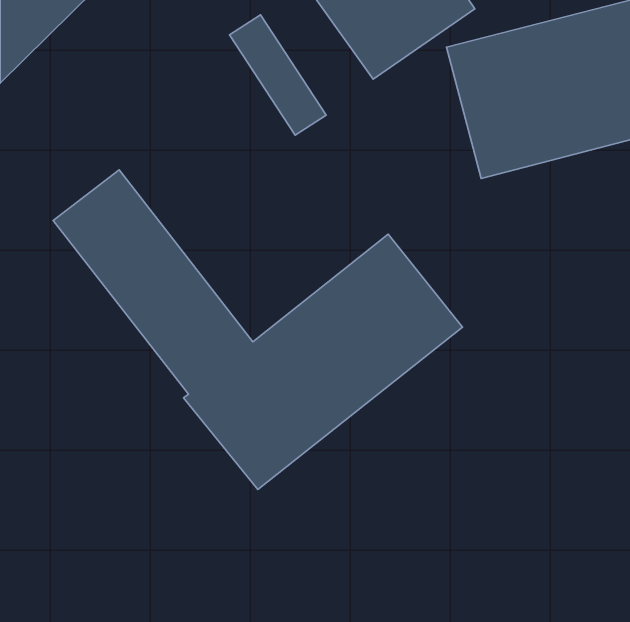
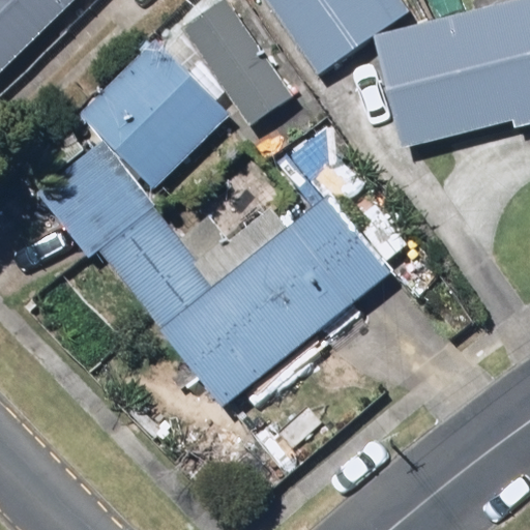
building: none -> [81,39,228,186]

